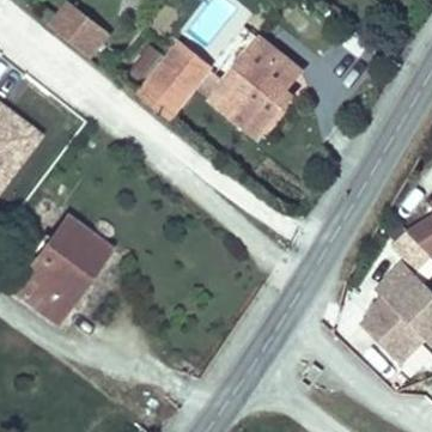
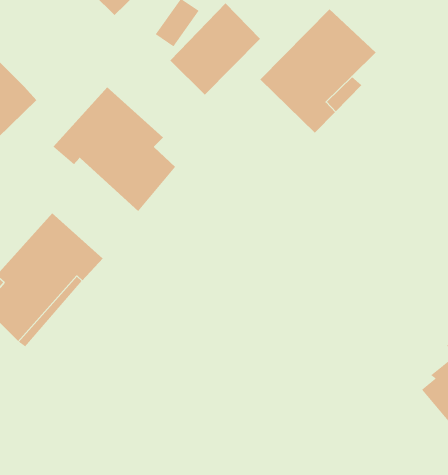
building: none -> [53,87,176,212]

